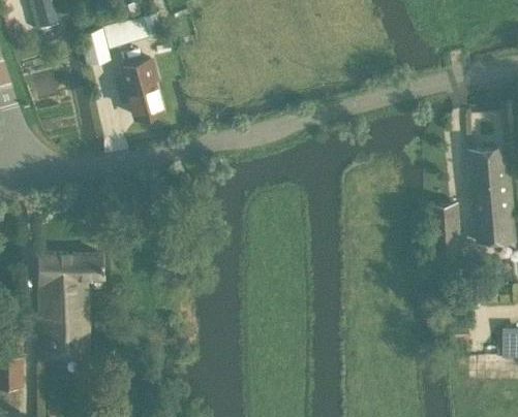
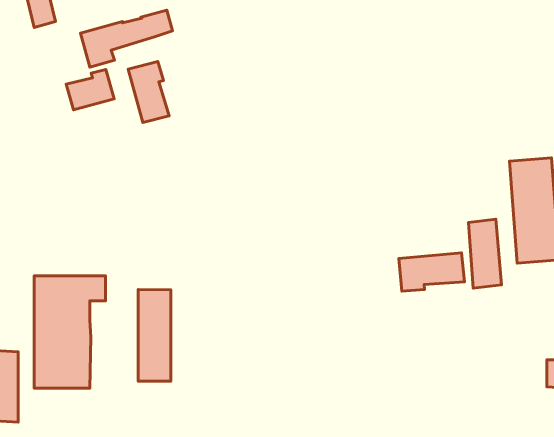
building: none -> [66,70,114,110]
building: none -> [399,253,465,291]
building: none -> [138,290,171,381]

